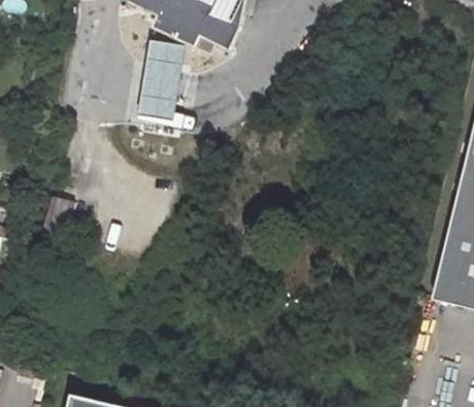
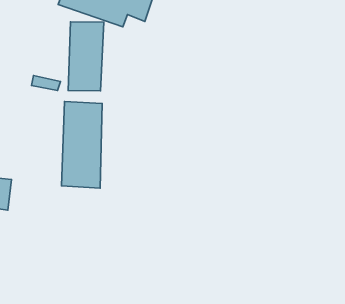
building: none -> [62,101,102,188]

